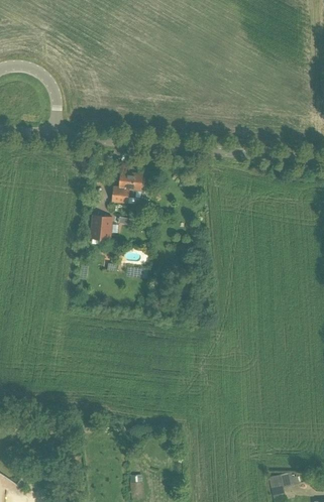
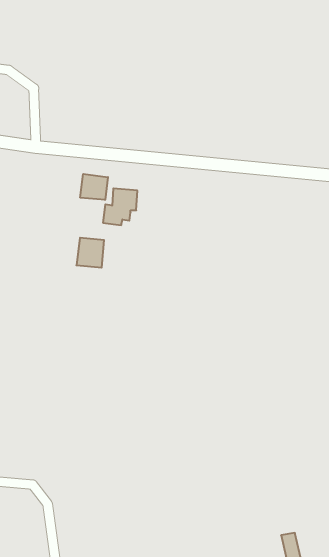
building: none -> [80,174,108,200]

